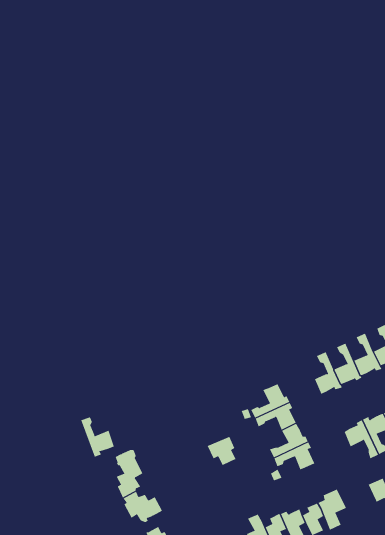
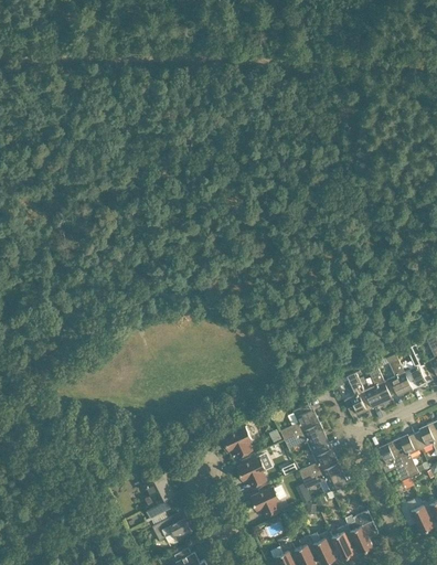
building: none -> [223,428,253,459]
building: [80,416,115,457] -> none
building: none -> [252,489,281,519]

